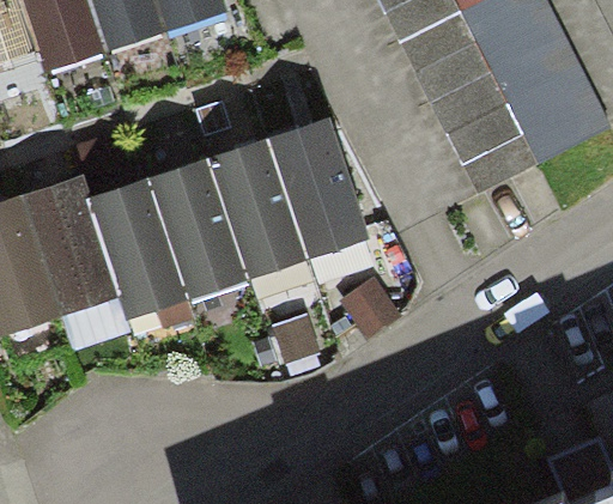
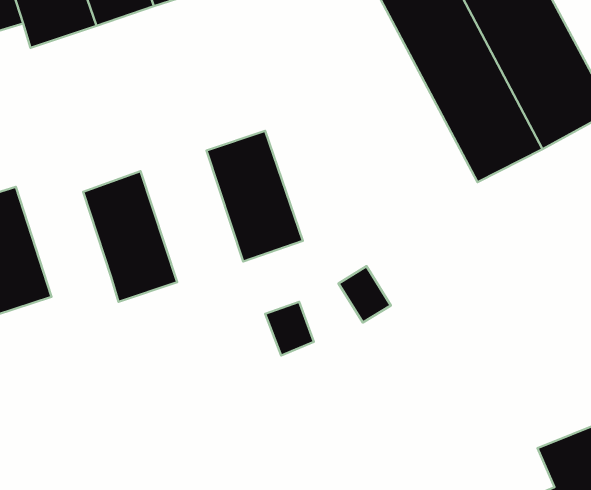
building: [272,123,369,251] -> none
building: [150,163,250,292] -> none
building: [28,180,121,306] -> none

